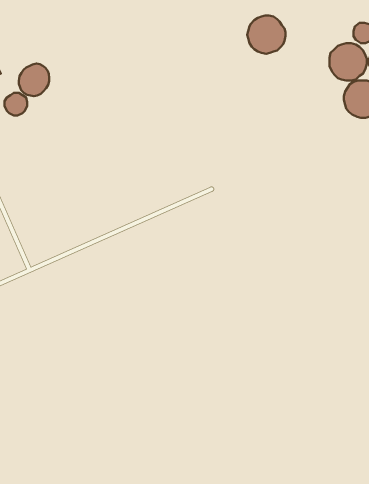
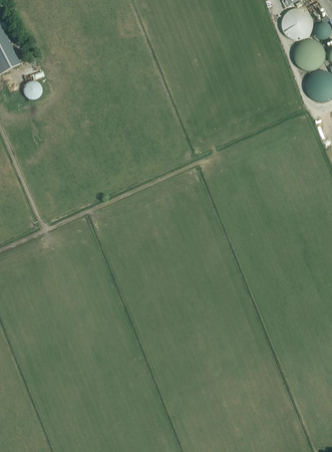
building: [247,15,286,54] -> [281,8,313,40]
building: [19,64,49,96] -> none

